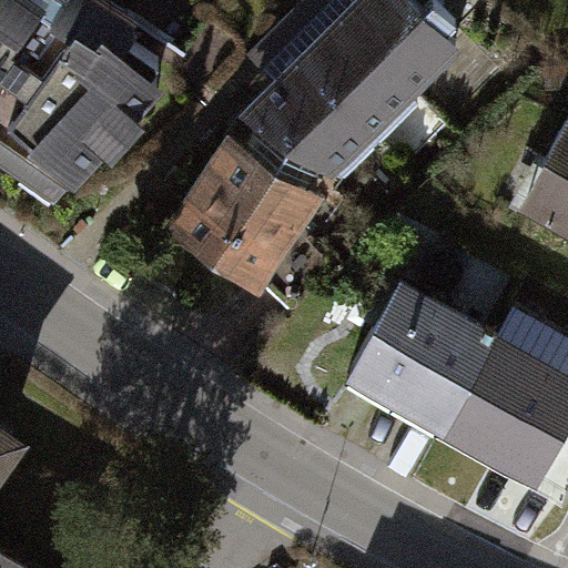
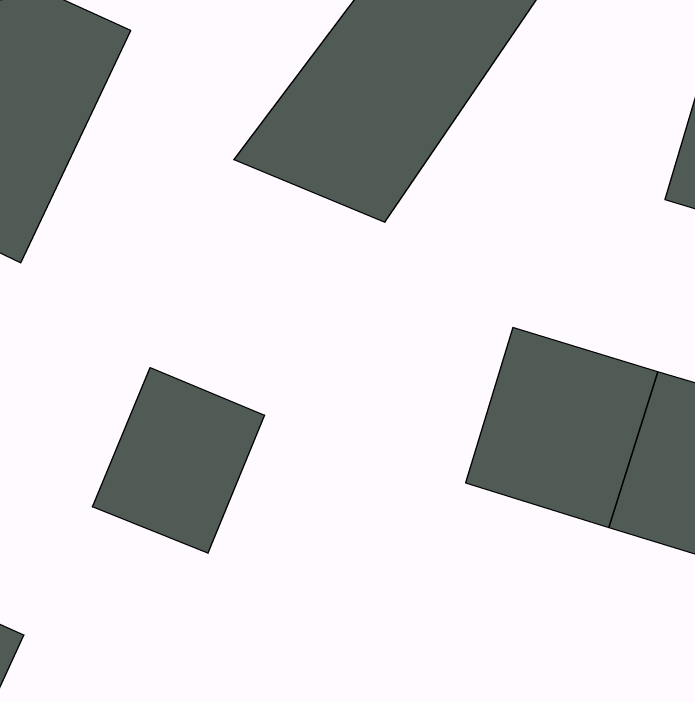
building: [166,139,322,293] -> none
building: none -> [92,368,264,553]

